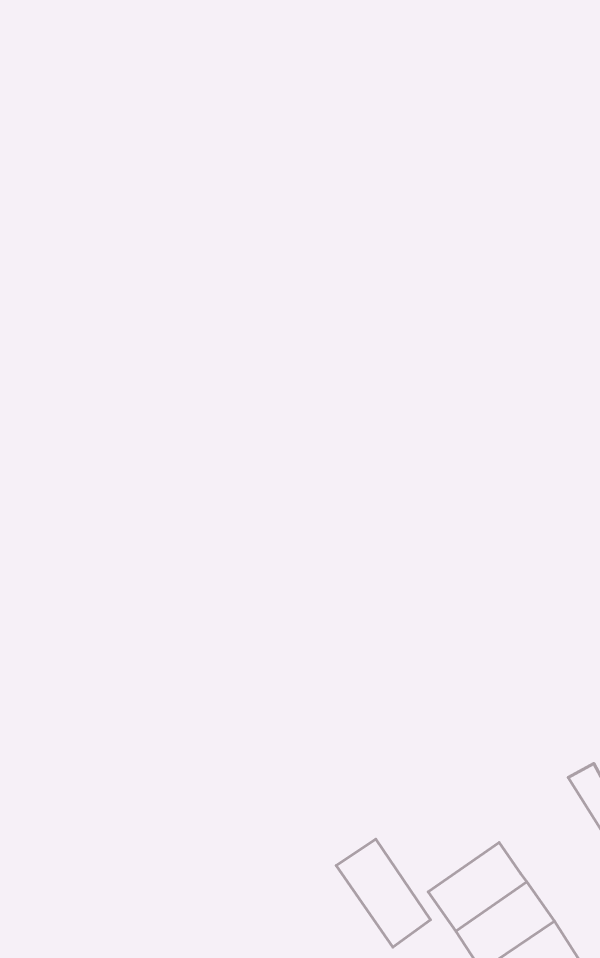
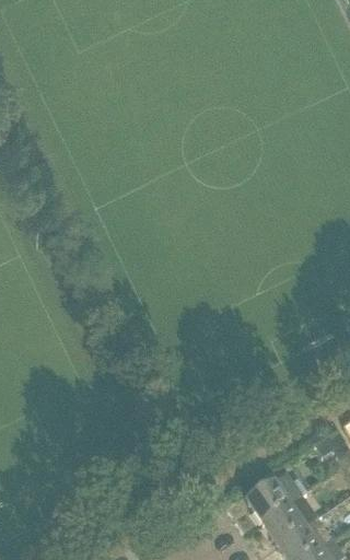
building: [336,839,431,947] -> none

